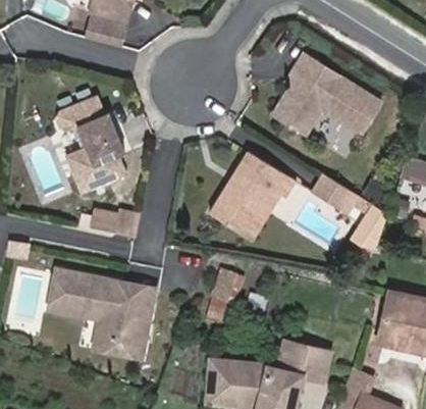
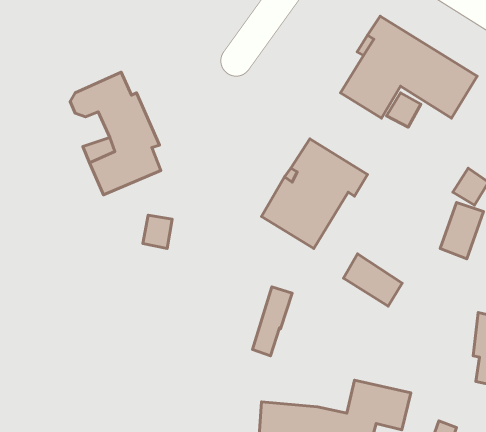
building: [313,172,360,214] -> [343,254,402,306]
building: [50,268,157,358] -> none

